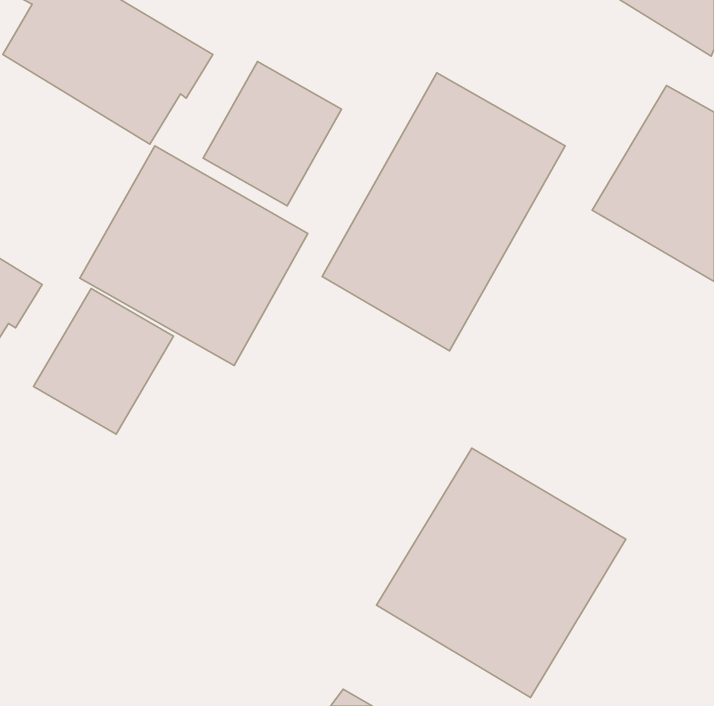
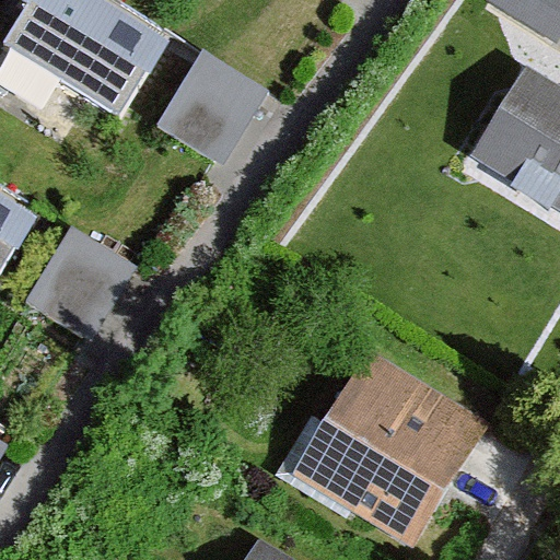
building: [322,73,565,351] -> none
building: [80,146,308,366] -> none

